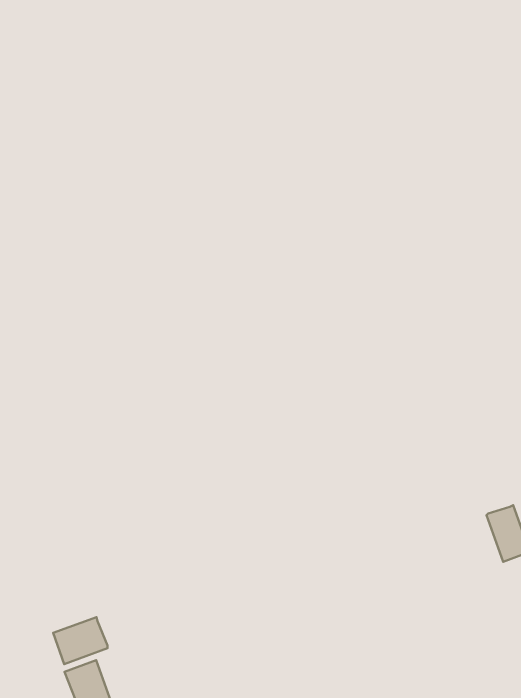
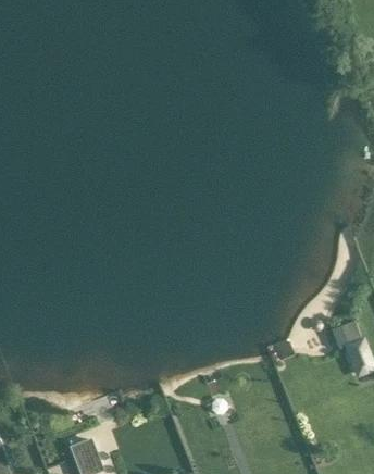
building: [53,617,107,664] -> none

